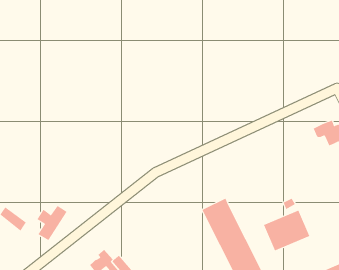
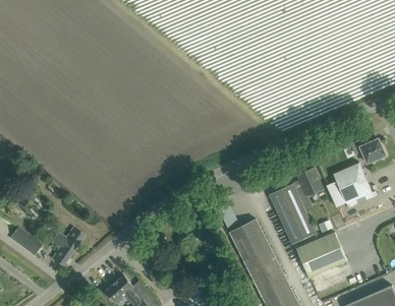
building: none -> [333,162,372,202]
building: none -> [269,167,323,244]

